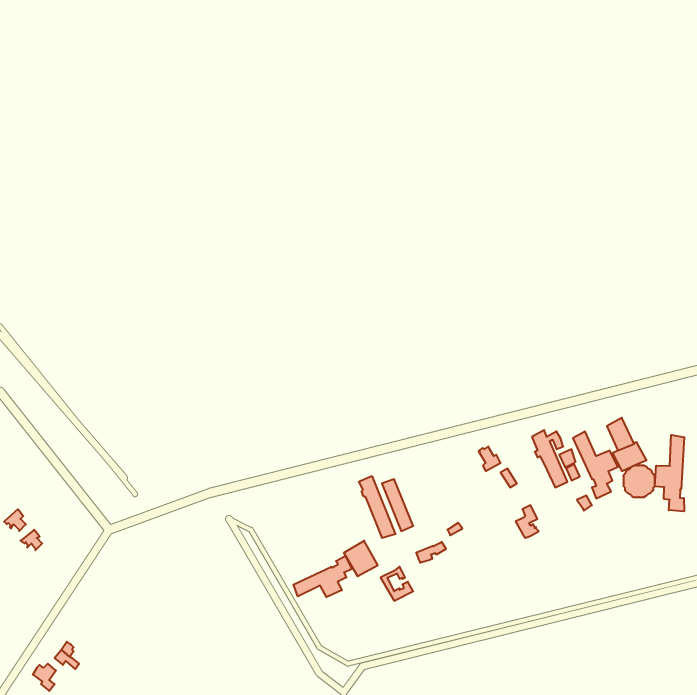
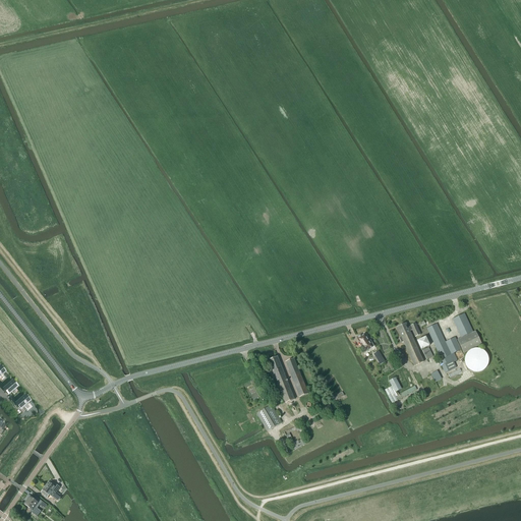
building: [655,435,684,511] -> none
building: [293,556,352,597] -> none

